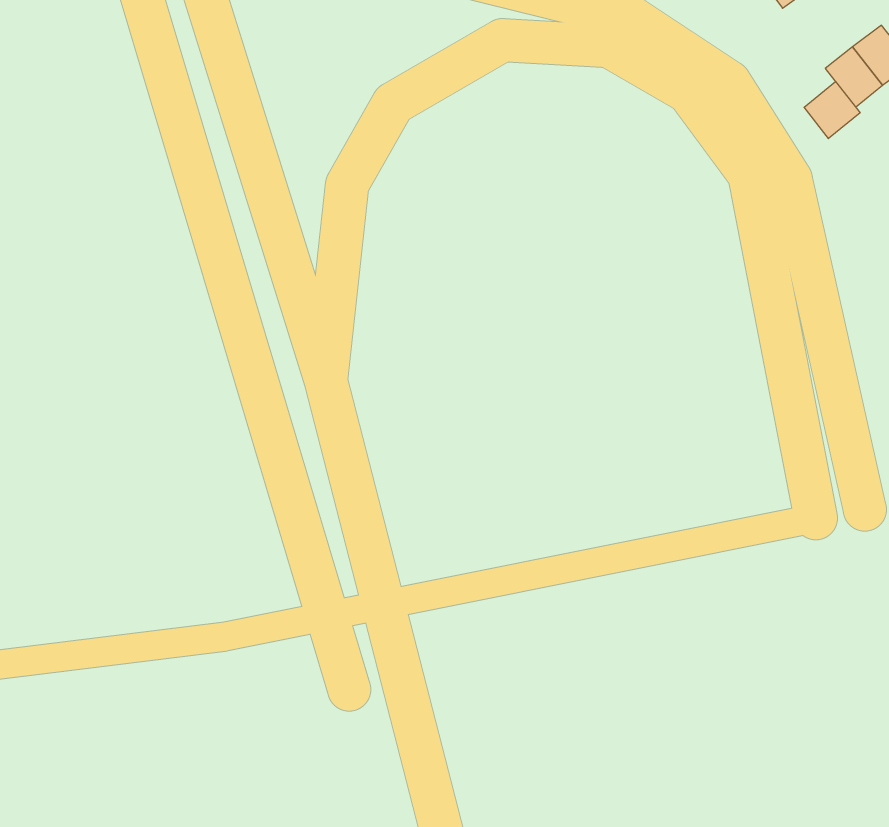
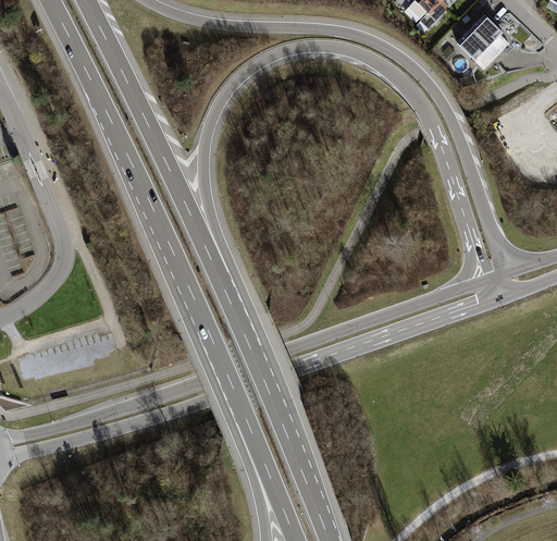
building: [804,82,860,139] -> none

